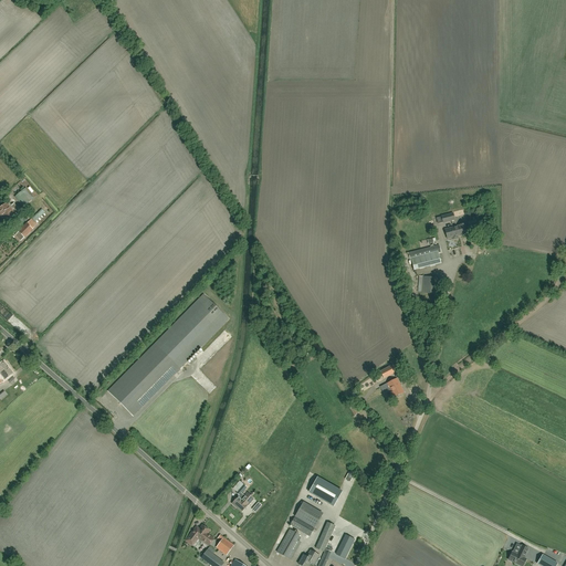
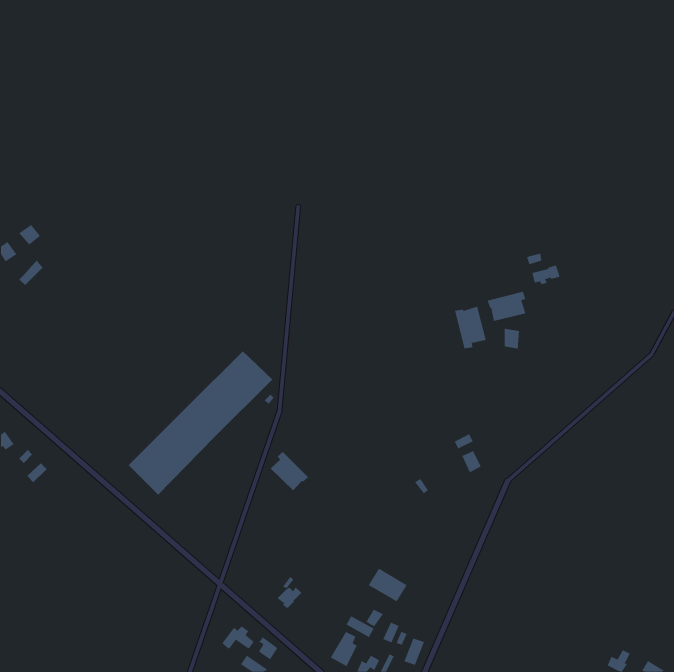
building: none -> [455,306,487,349]
building: none -> [270,451,309,491]

